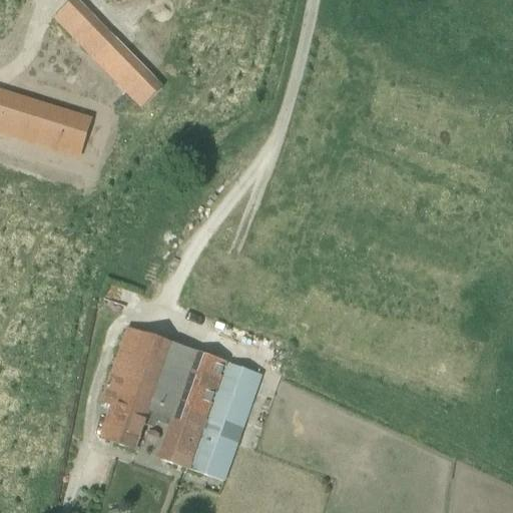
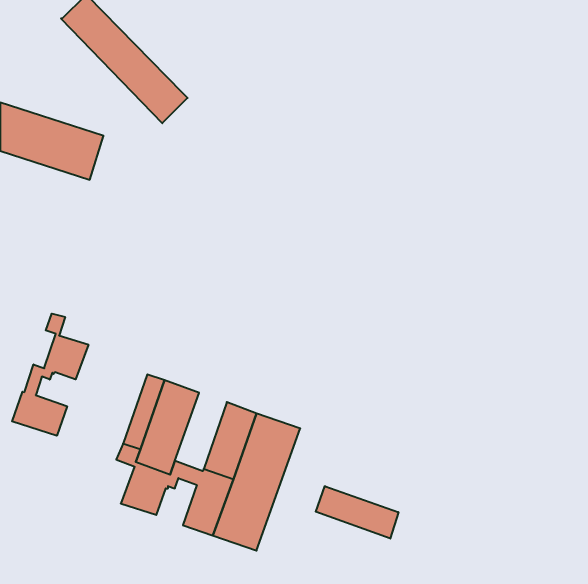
building: none -> [12,314,88,436]
building: [152,342,197,410] -> none
building: none -> [316,486,398,539]

